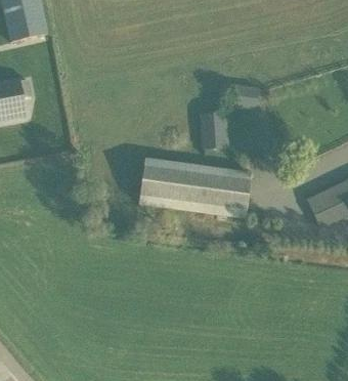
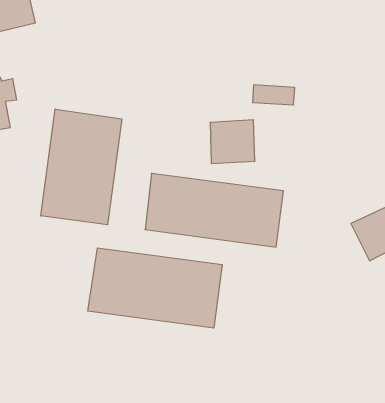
building: none -> [41,109,122,225]
building: none -> [88,248,222,328]

